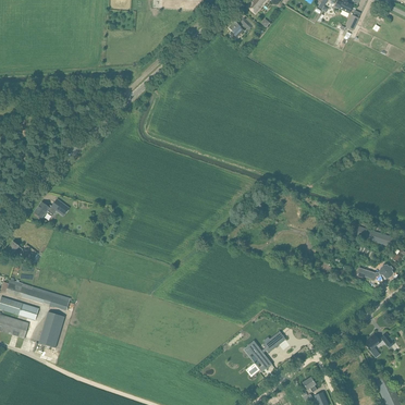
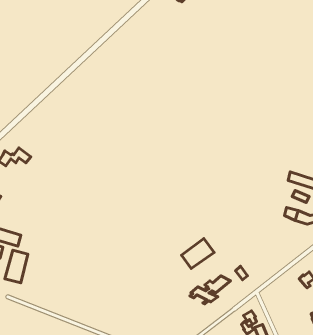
building: none -> [181,238,214,269]

